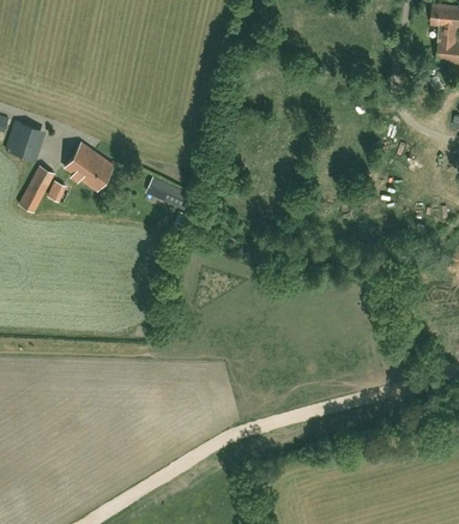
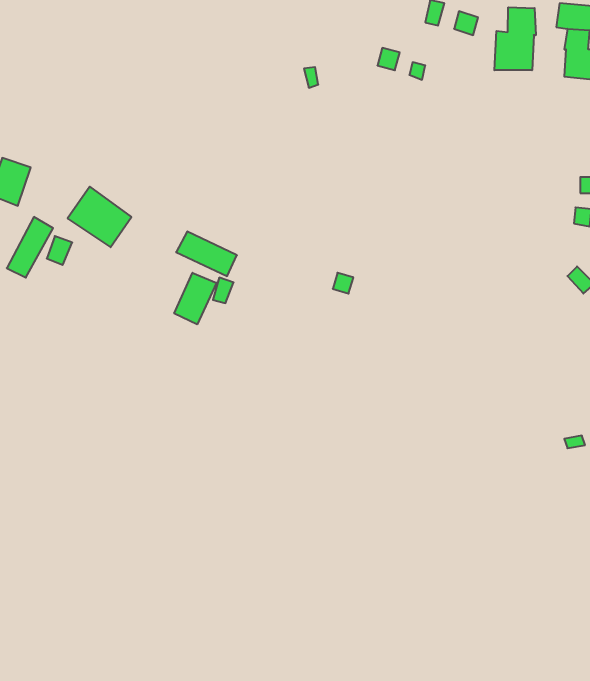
building: none -> [494,7,536,70]
building: none -> [174,273,217,324]

